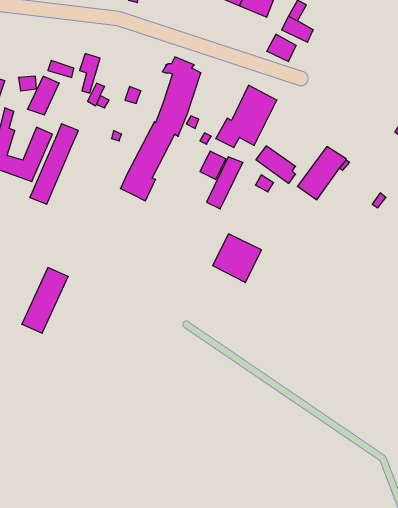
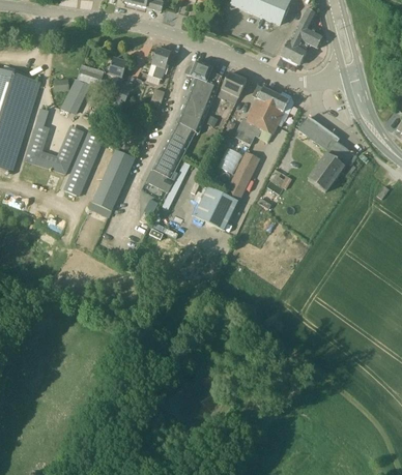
building: none -> [147,48,171,80]
building: none -> [218,72,247,98]
building: [256,146,296,183] -> [298,117,335,151]
building: [213,234,261,283] -> [194,186,238,231]
building: [22,268,68,333] -> [93,150,136,210]

